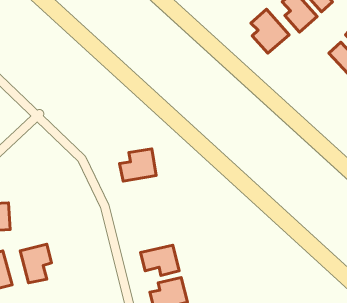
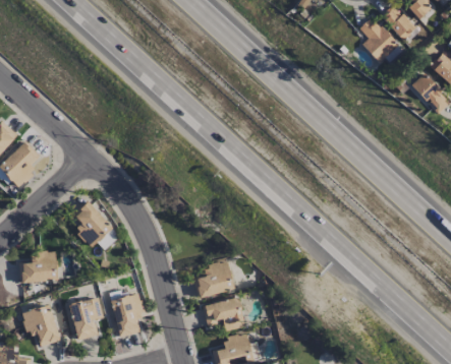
building: [251,9,289,53] -> none
building: [120,149,156,181] -> [193,261,234,297]
building: none -> [72,200,113,247]
building: none -> [110,292,146,337]

